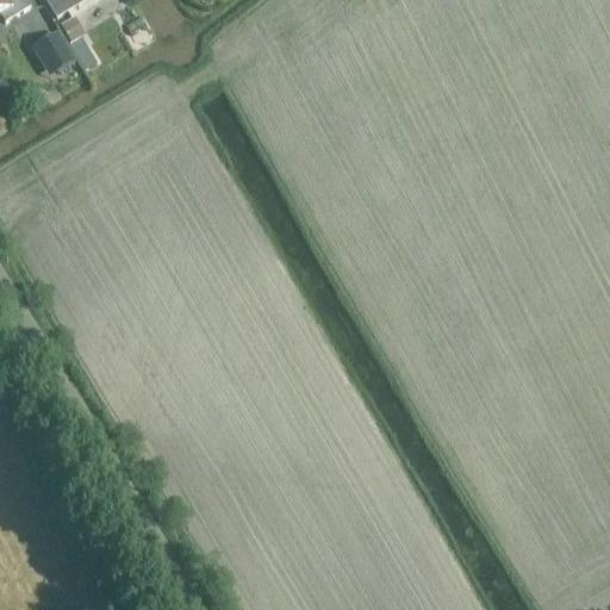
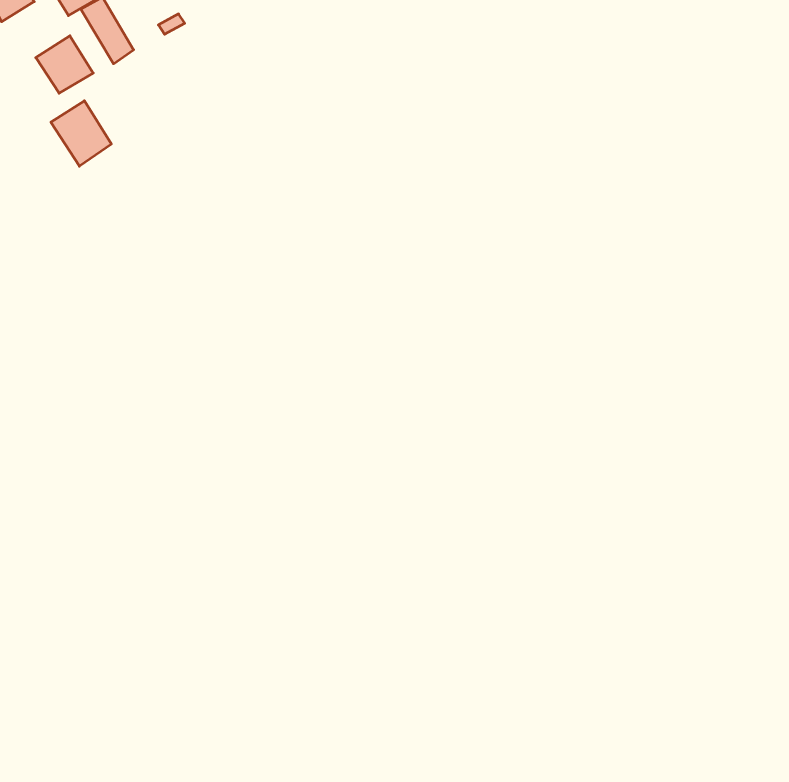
building: none -> [51,101,111,166]

